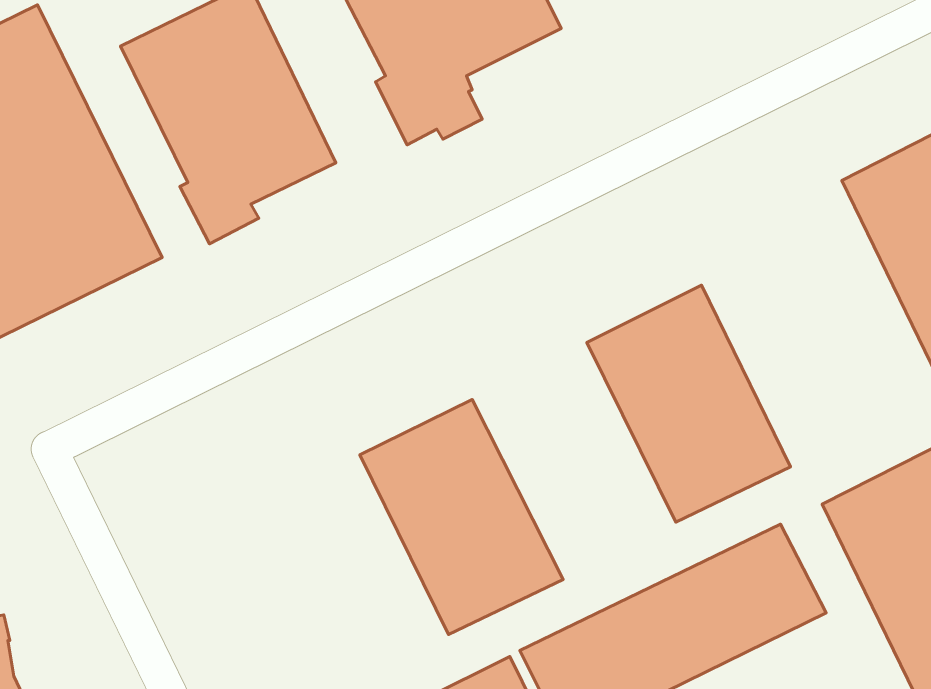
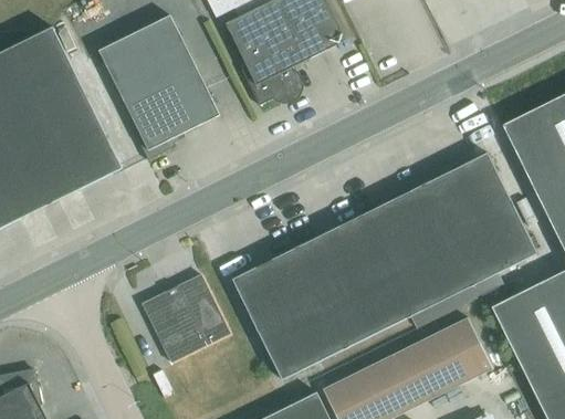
building: none -> [425,153,537,285]
building: none -> [296,216,410,348]
building: none -> [142,273,231,363]

